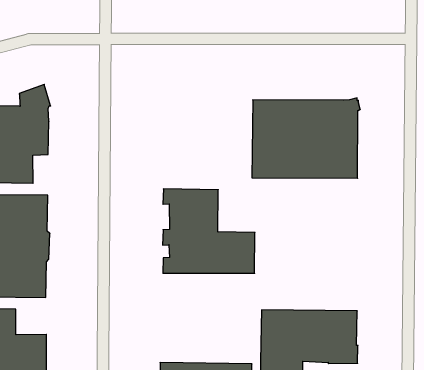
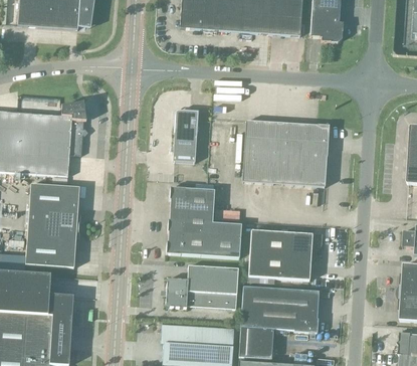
building: none -> [174,109,199,161]
building: none -> [248,229,323,280]
building: none -> [166,264,239,308]

